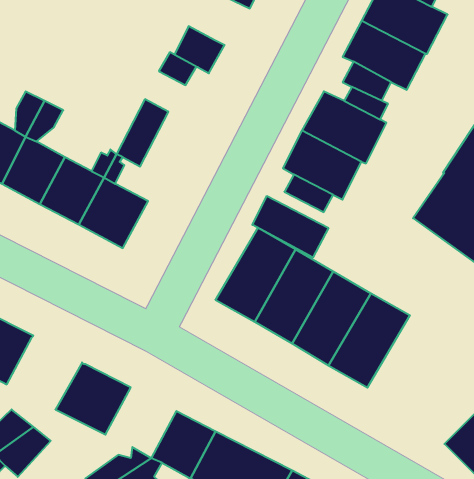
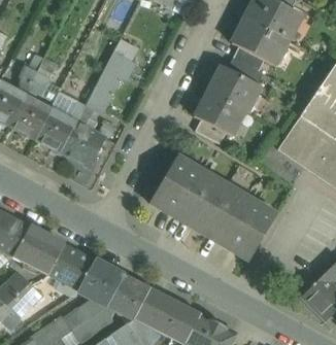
building: [174,26,225,73] -> [104,51,137,82]
building: [252,196,328,257] -> none
building: none -> [13,226,63,274]
building: none -> [78,260,125,306]

